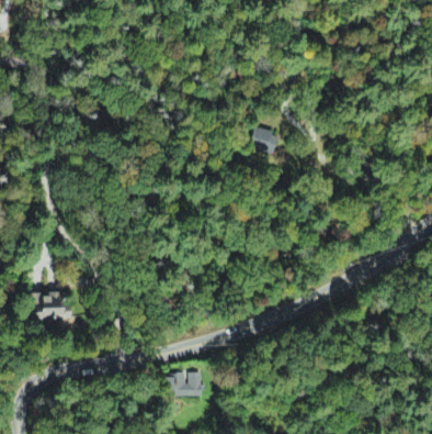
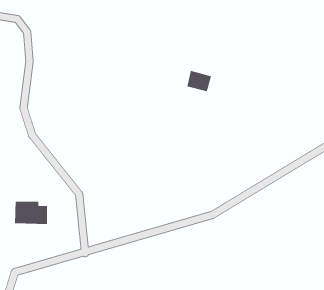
building: [168,372,204,397] -> none

